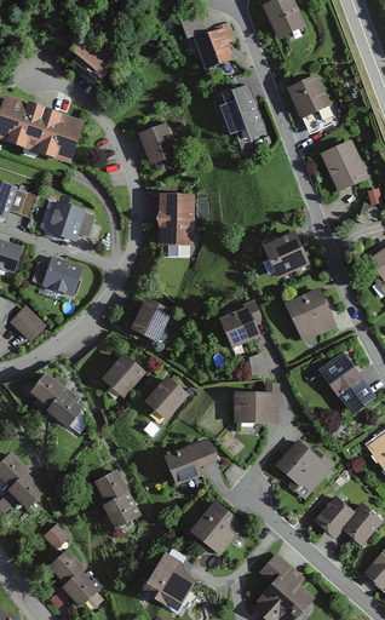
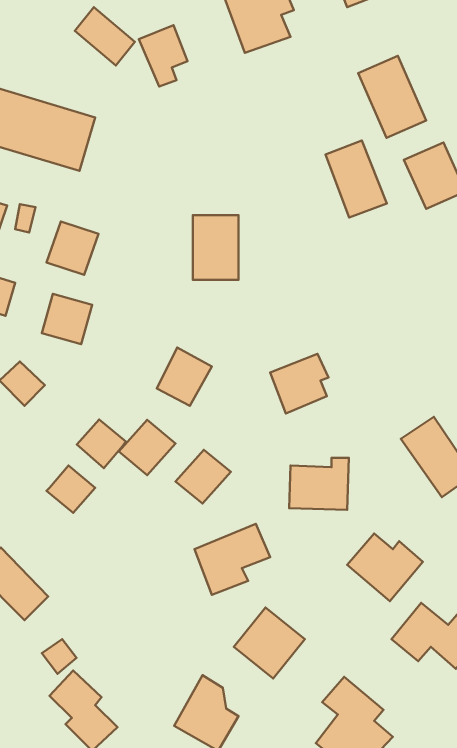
building: [218,82,265,142] -> [326,140,387,218]
building: [138,125,176,172] -> [139,25,188,86]
building: [263,228,309,276] -> none
building: [285,287,334,340] -> none
building: [28,368,65,406] -> [77,419,126,468]
building: [94,470,142,529] -> none

